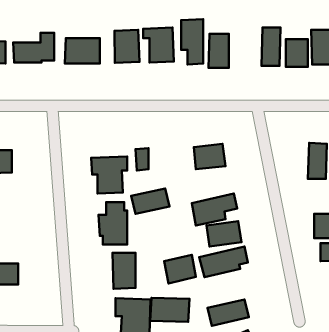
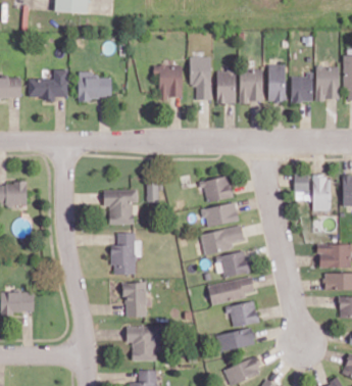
building: [115,30,139,63] -> none
building: none -> [239,69,262,102]
building: none -> [294,176,310,200]
building: [131,188,169,214] -> [202,202,239,227]
building: [164,255,196,283] -> [228,300,258,328]
building: [150,298,189,322] -> none

